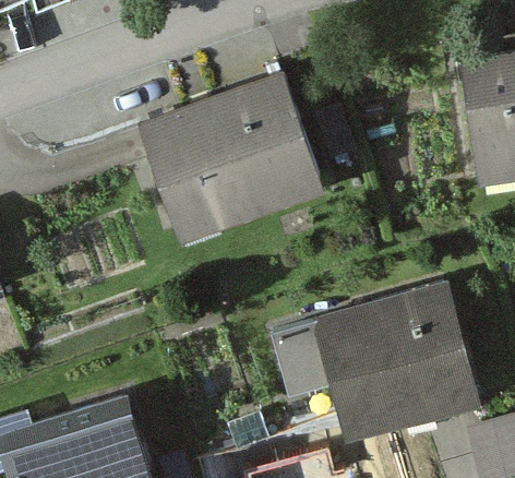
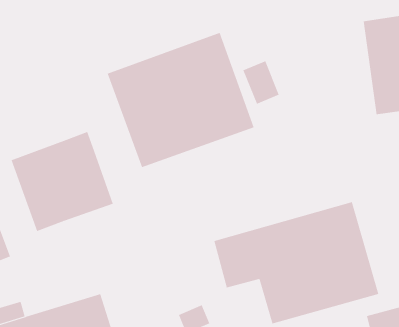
building: none -> [11,131,114,232]

